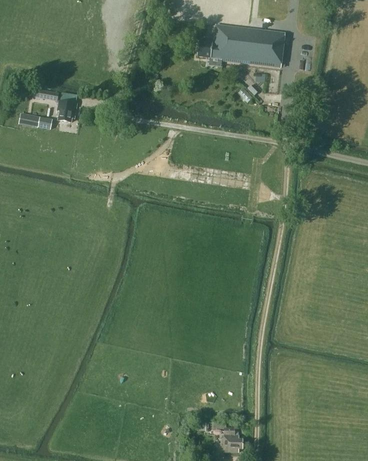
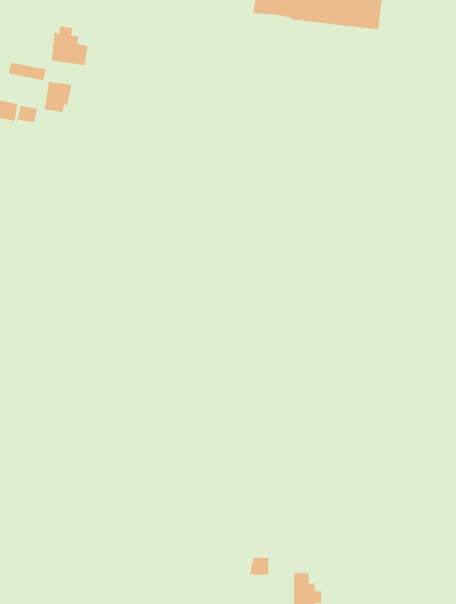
building: none -> [51,25,89,66]

